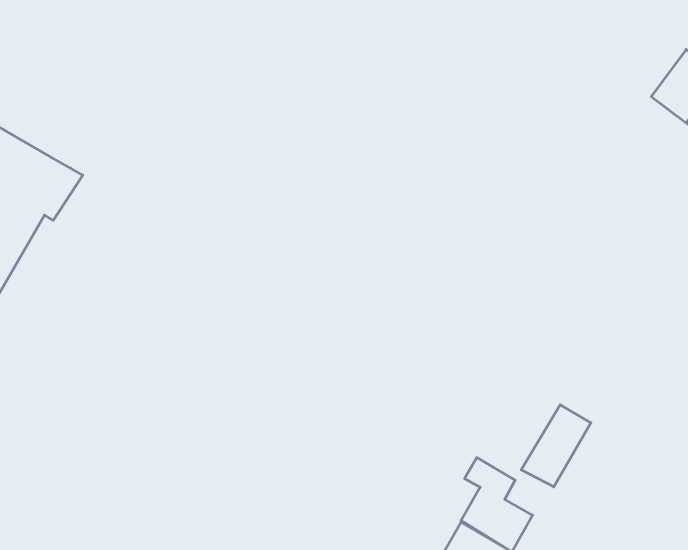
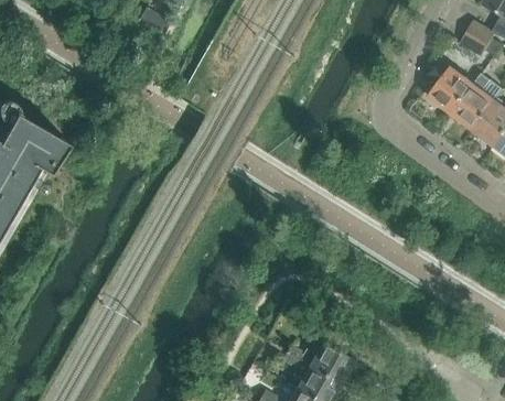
building: [521,405,591,487] -> none

